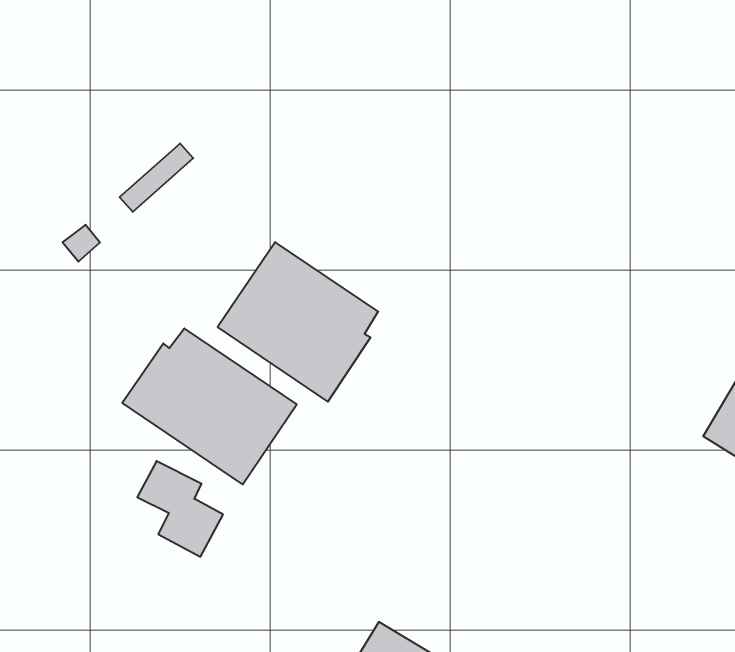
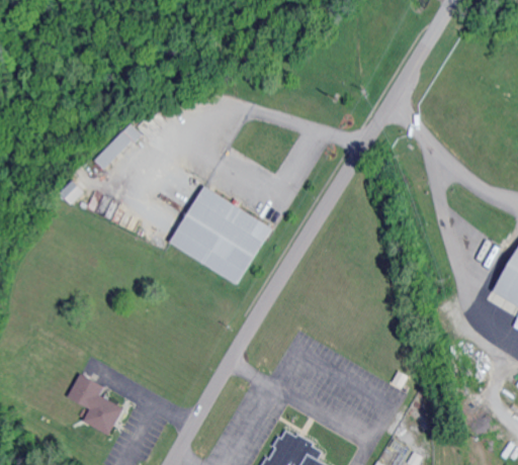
building: [122,328,297,484] -> none
building: [137,461,223,557] -> [66,375,122,436]

